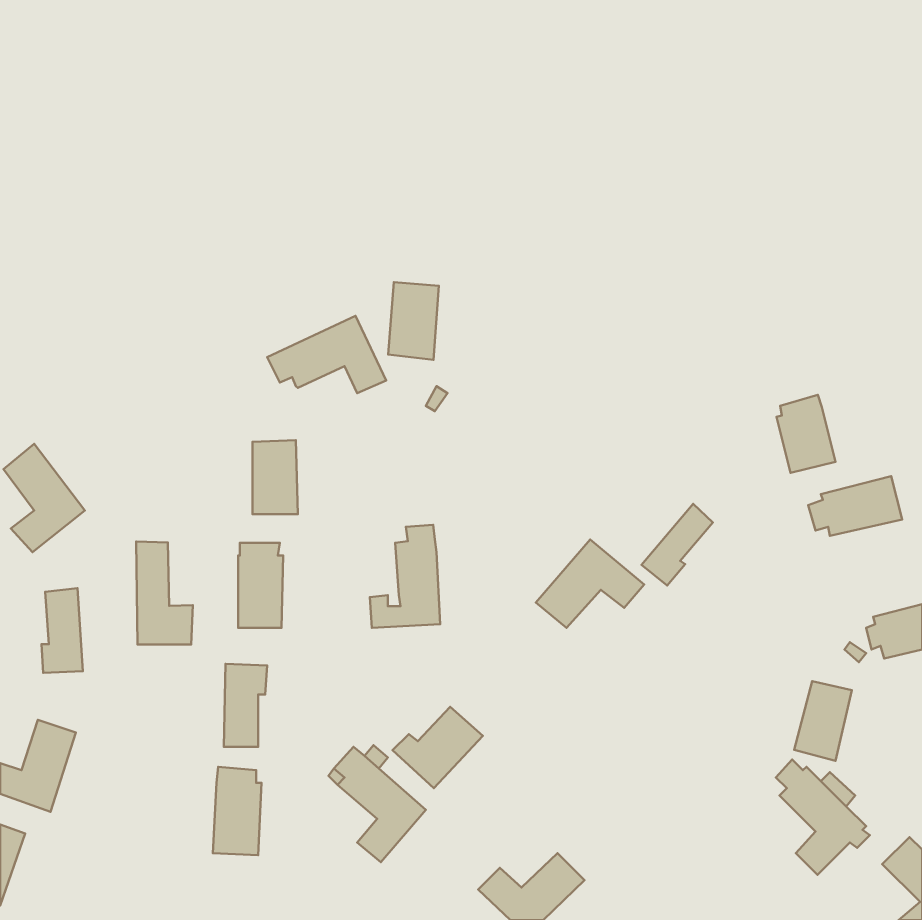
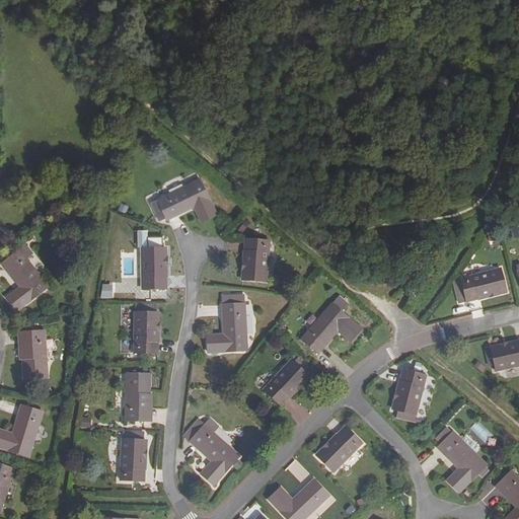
building: [388,282,439,360] -> [241,238,270,282]
building: [777,395,836,473] -> none
building: [642,504,713,585] -> none
building: [136,541,193,644] -> none
building: [794,681,852,761] -> [392,369,425,414]
building: [392,707,483,788] -> [258,360,309,405]
building: none -> [315,426,362,471]

